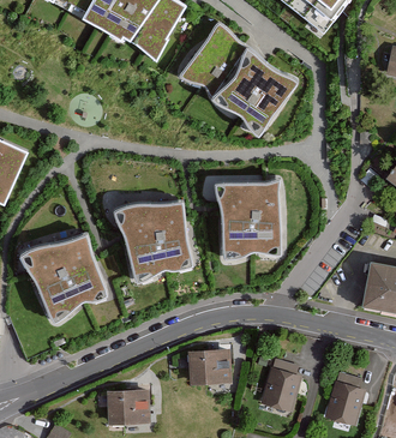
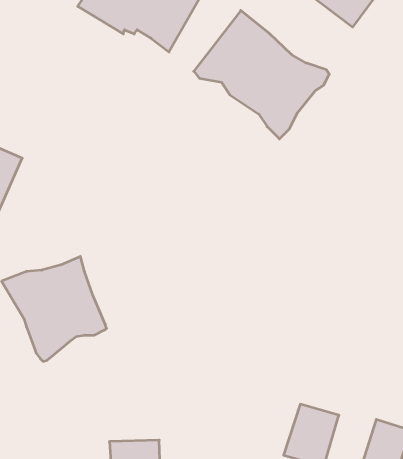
building: [206,178,282,256] -> none
building: [106,199,188,283] -> none
building: [187,352,232,385] -> none

